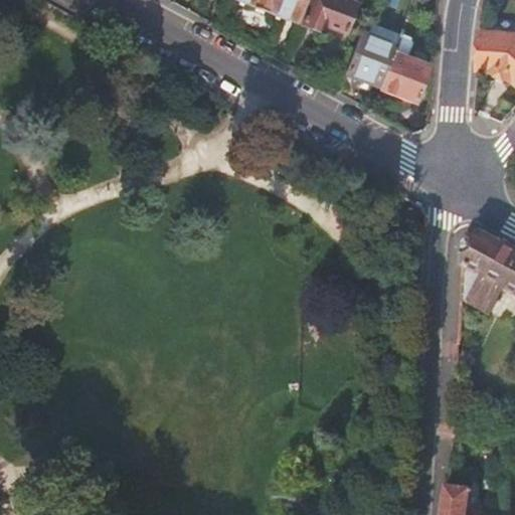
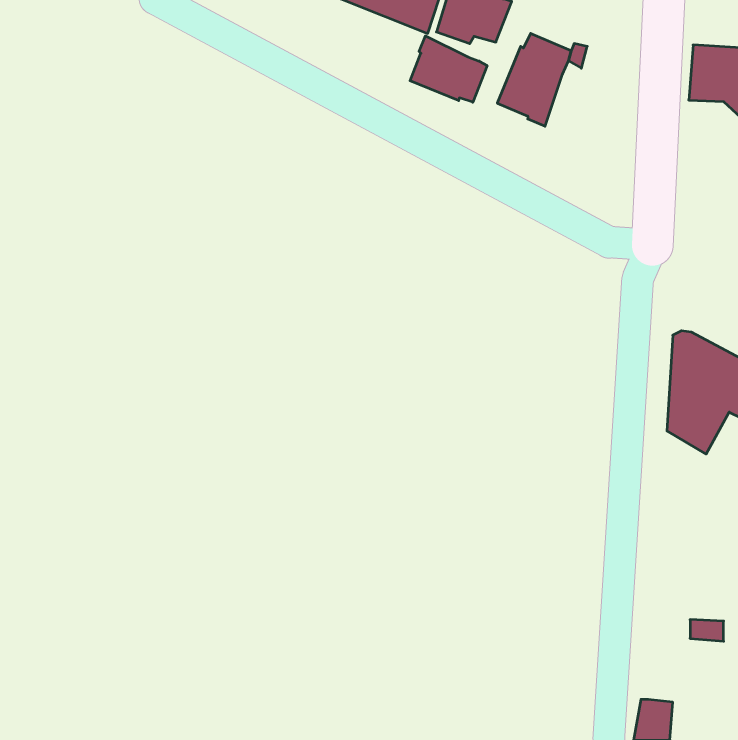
building: none -> [410,36,487,102]
building: [380,51,430,102] -> none

